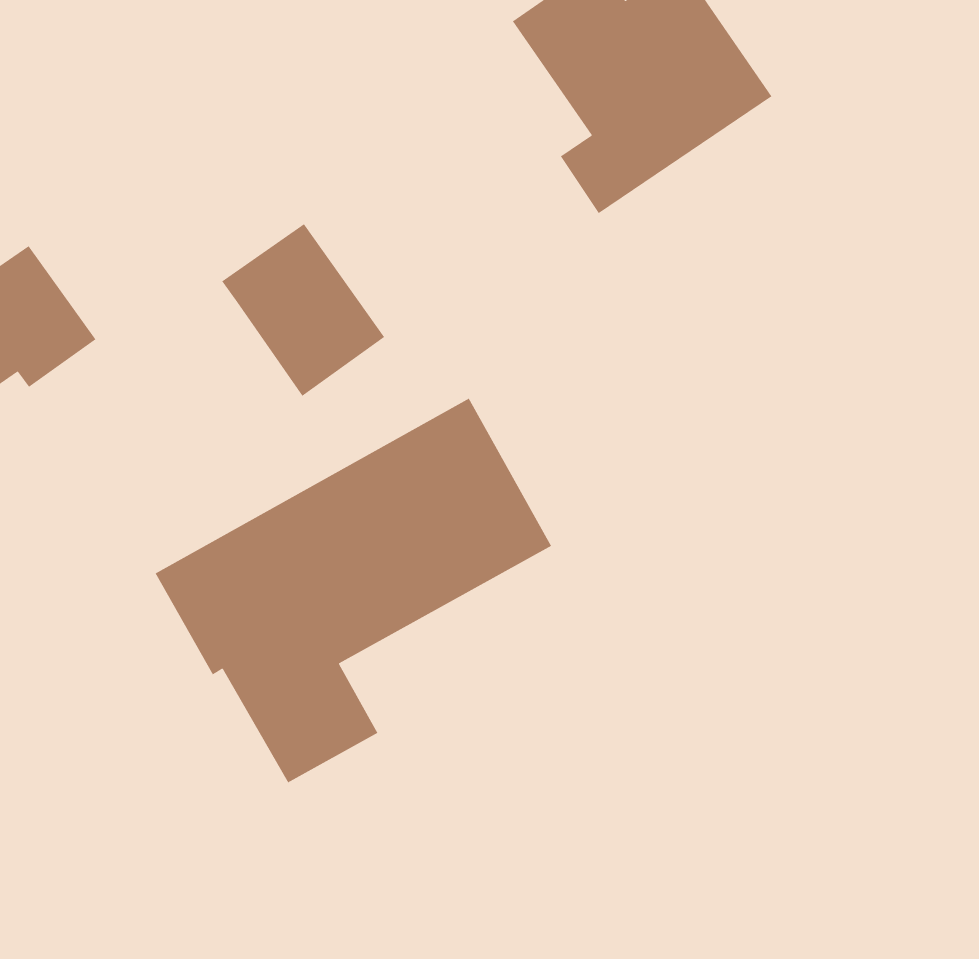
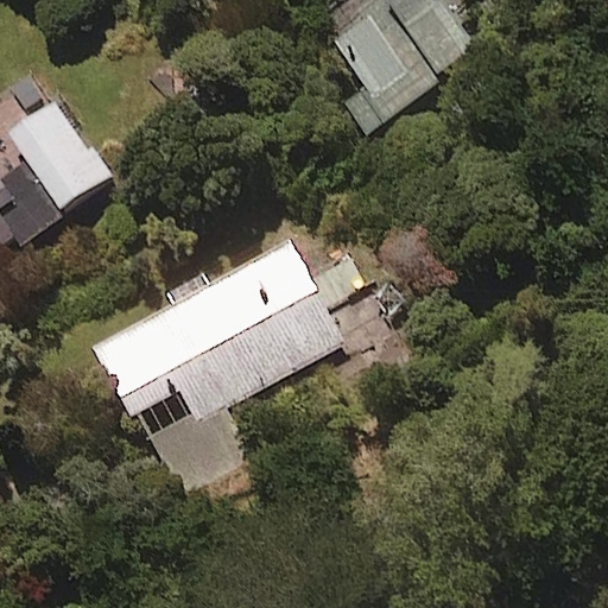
building: [221,223,385,397] -> [10,95,110,202]

